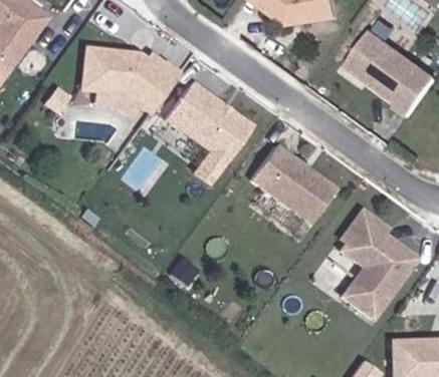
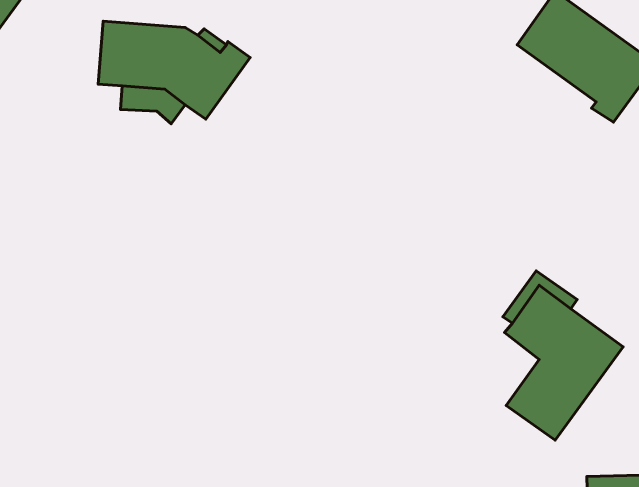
building: [163,83,250,163] -> none
building: [258,144,335,223] -> none

